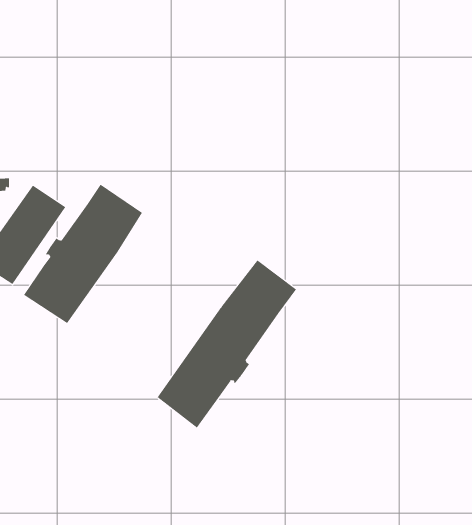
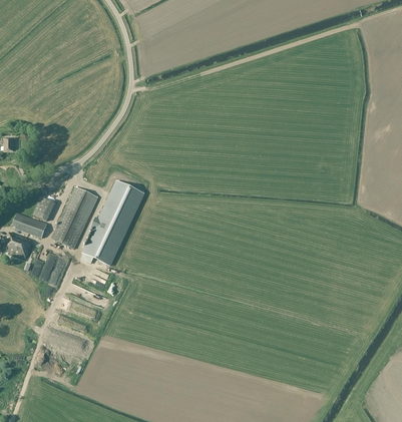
building: [157,260,297,429] -> none

